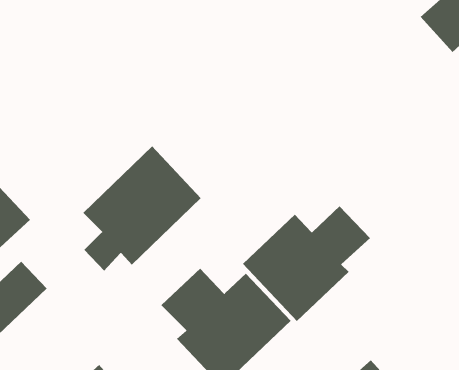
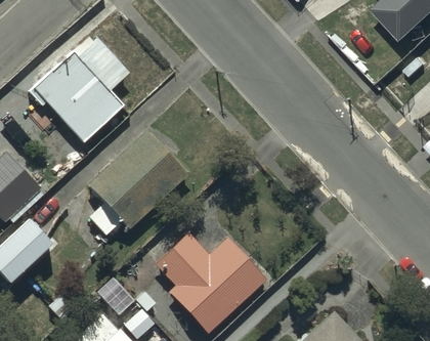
building: none -> [32,36,125,139]
building: [242,206,371,322] -> none

